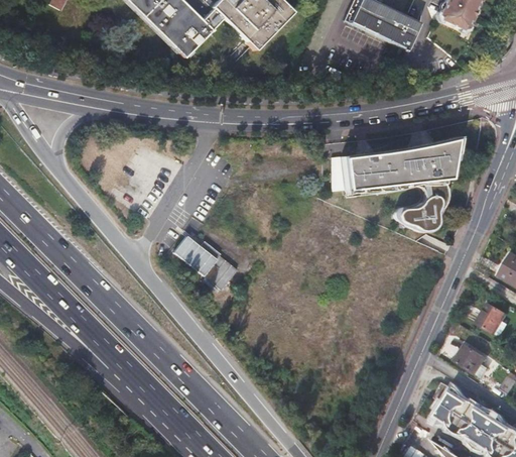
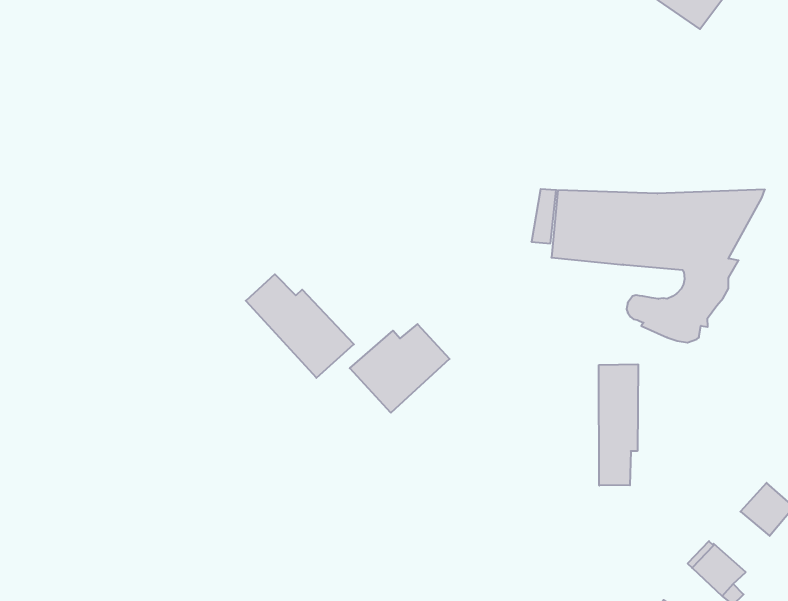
building: none -> [350,324,450,413]
building: none -> [599,364,638,486]

